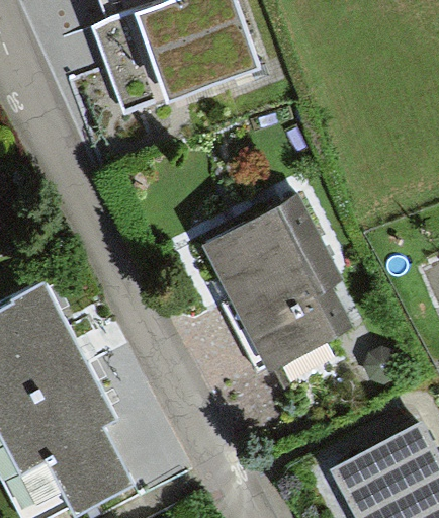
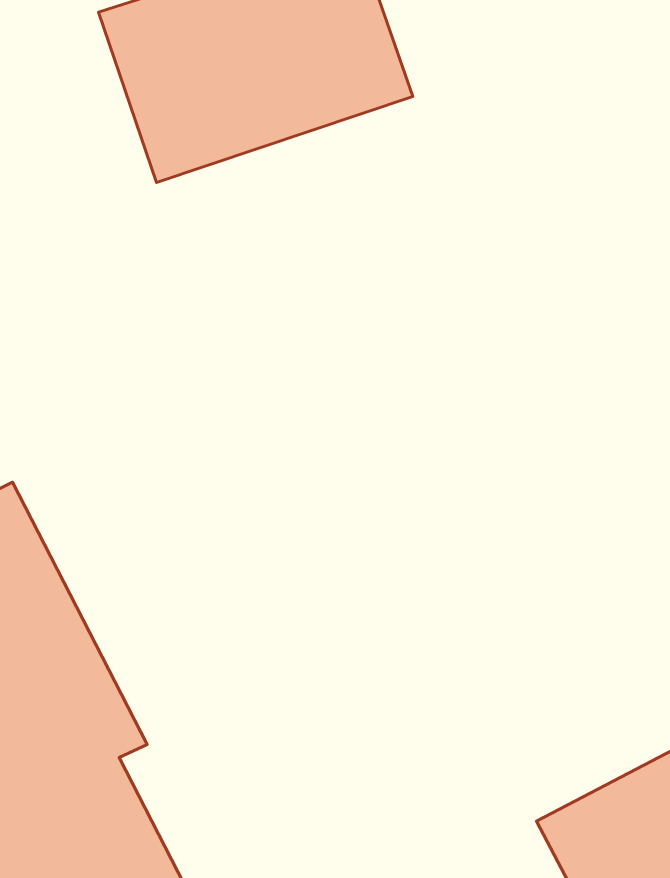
building: [208,198,348,366] -> none

